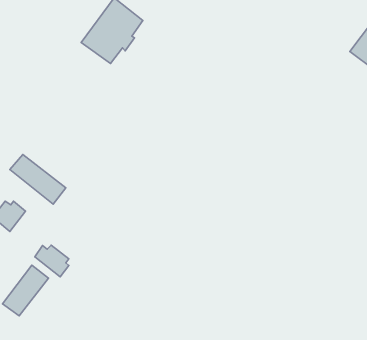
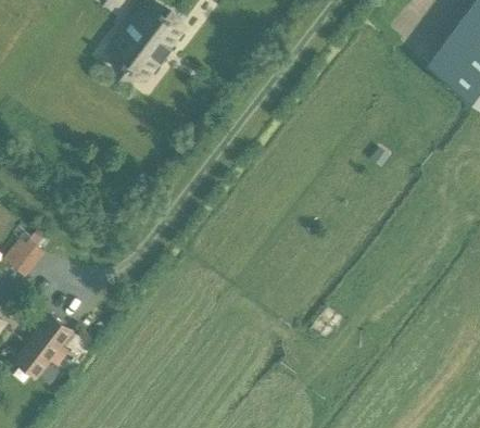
building: [10,154,66,204] -> none
building: [35,245,69,277] -> none

